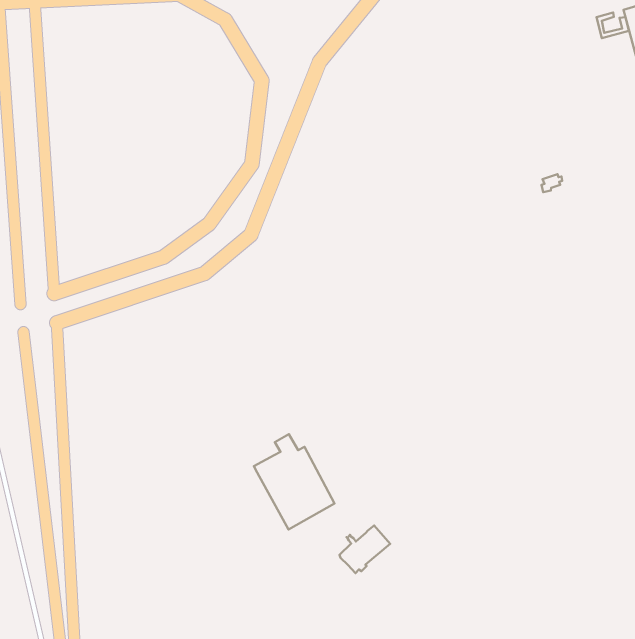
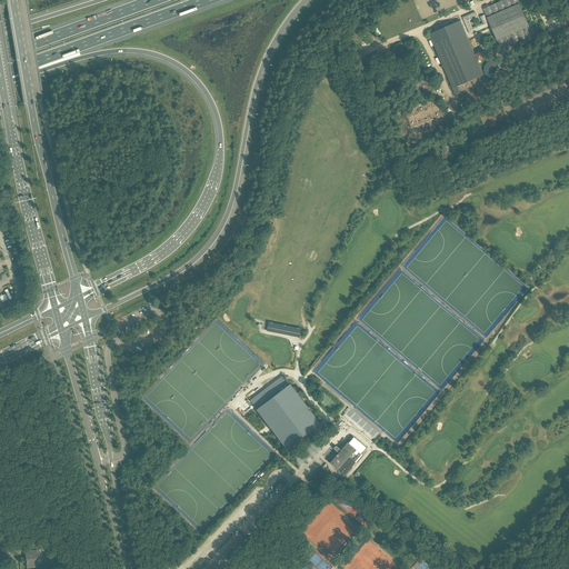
building: none -> [428,20,482,88]

